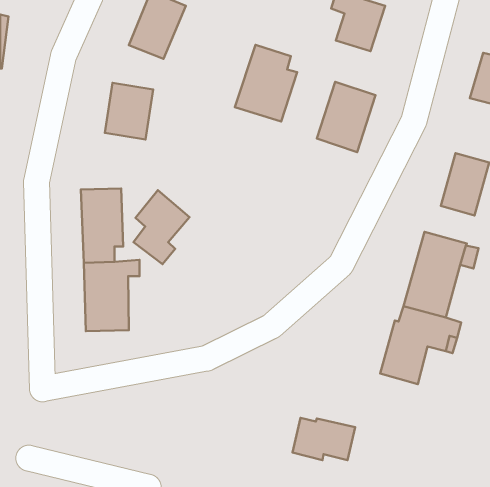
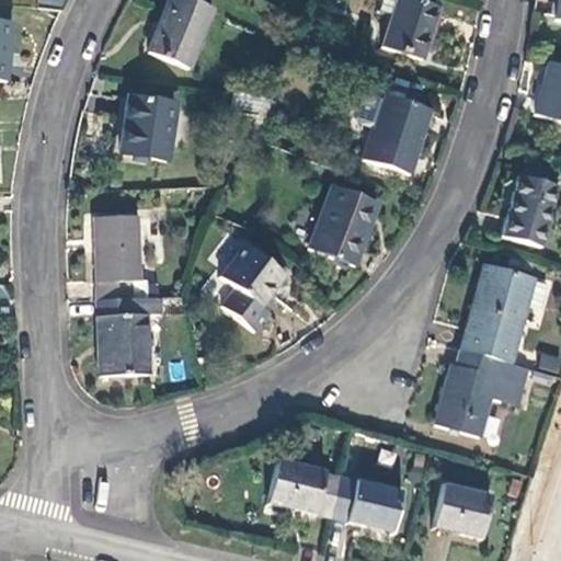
building: [235,45,297,122] -> none
building: none -> [309,185,379,265]
building: [134,190,189,264] -> [219,245,283,330]
building: none -> [274,458,344,515]
building: none -> [438,482,495,537]

